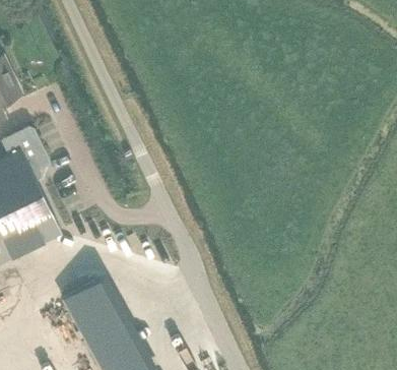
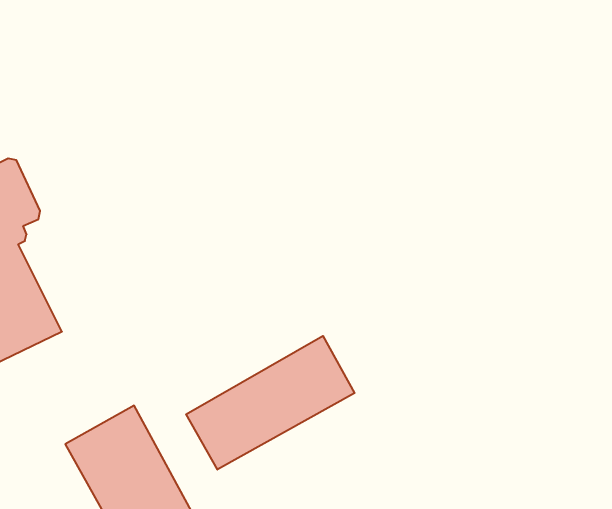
building: none -> [186,336,355,470]

